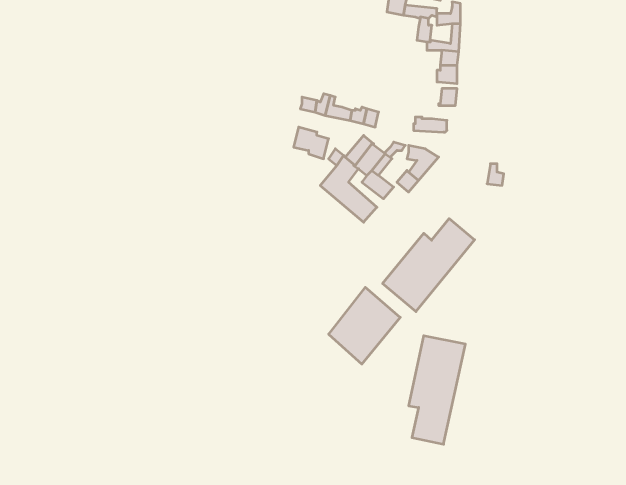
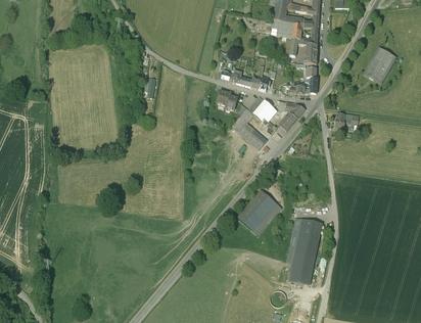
building: none -> [363,46,395,83]
building: [383,219,475,312] -> none

